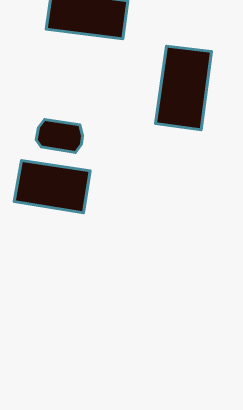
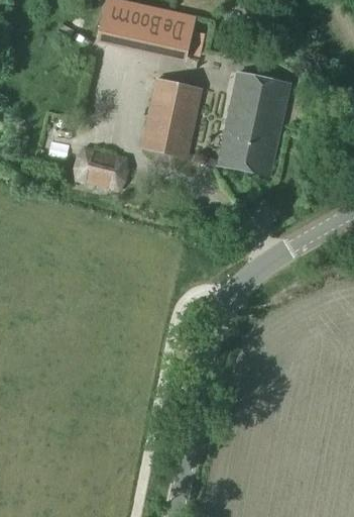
building: none -> [141,78,202,157]
building: [14,160,90,213] -> none

